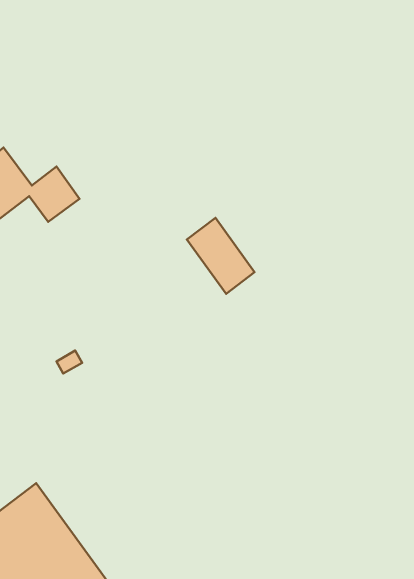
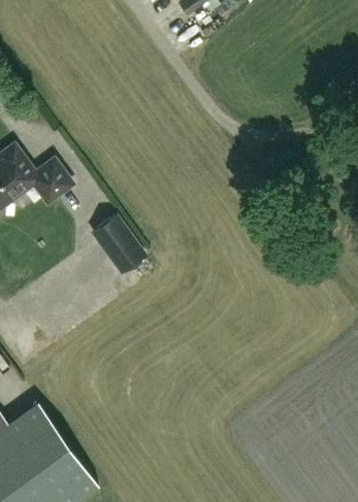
building: [187,218,255,294] -> [92,214,143,272]

